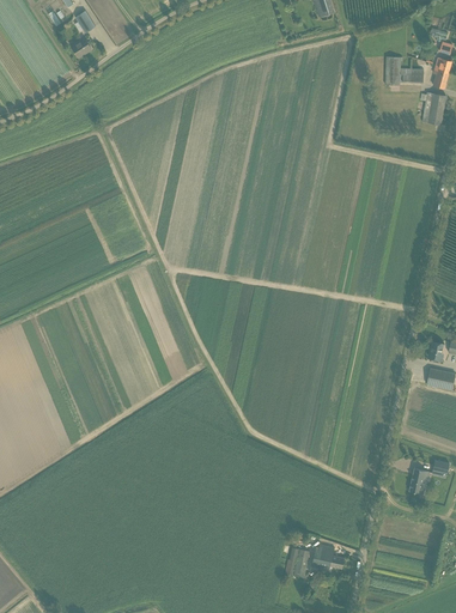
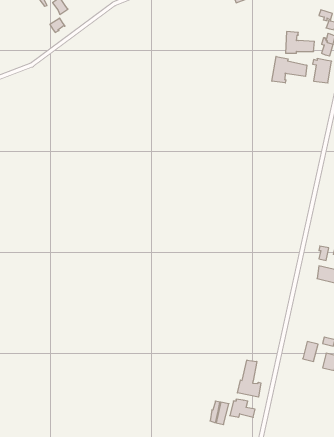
building: none -> [272,56,307,83]
building: none -> [237,360,261,397]

